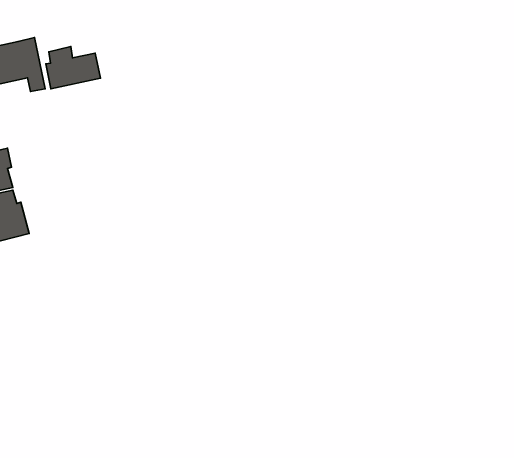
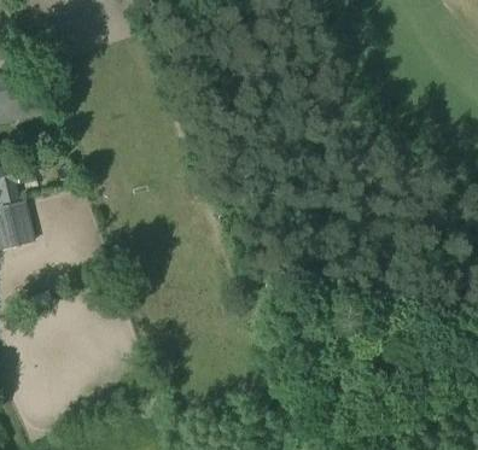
building: [46,47,101,89] -> none

